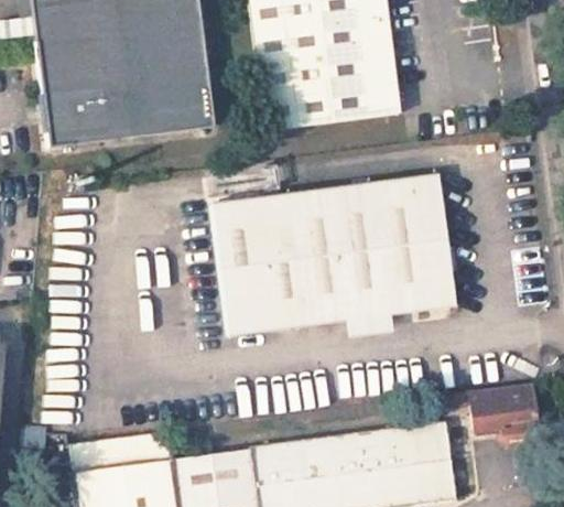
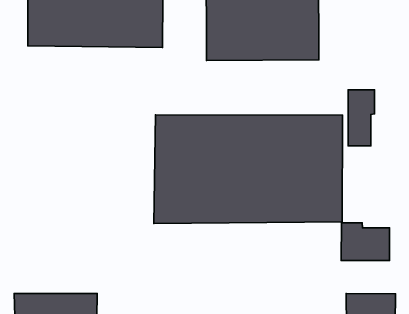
building: none -> [348,90,374,146]
building: none -> [341,223,390,261]

